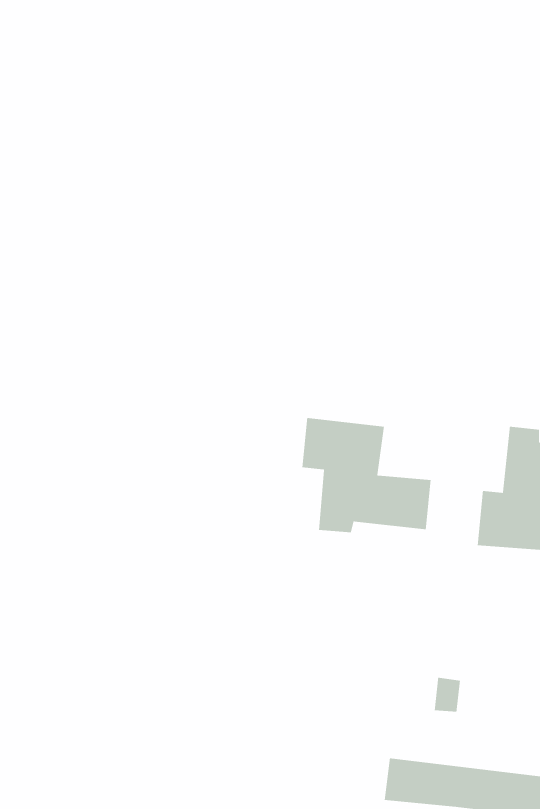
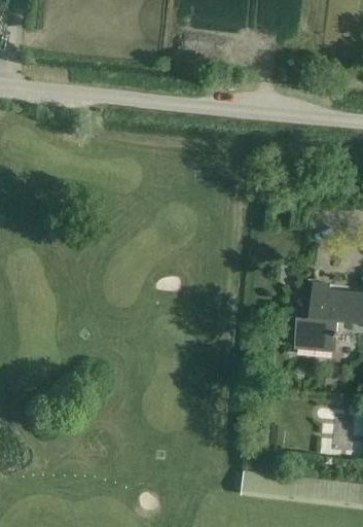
building: [301,417,432,533] -> none

